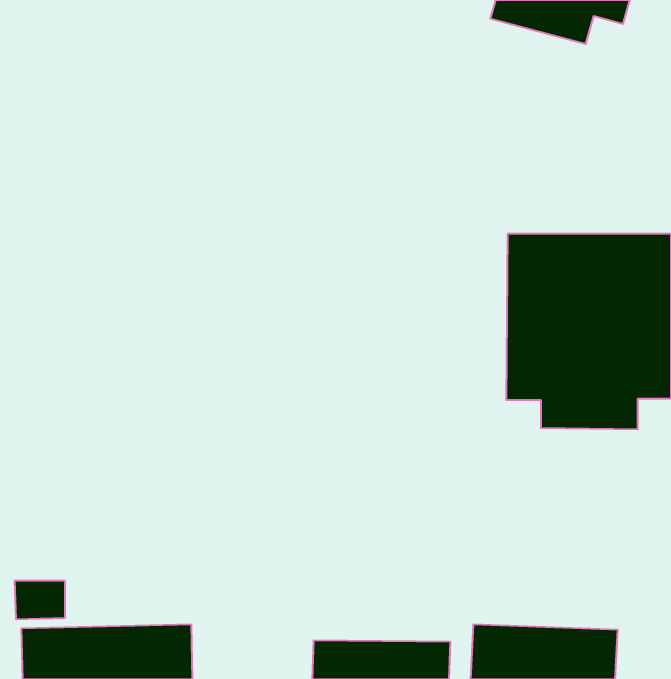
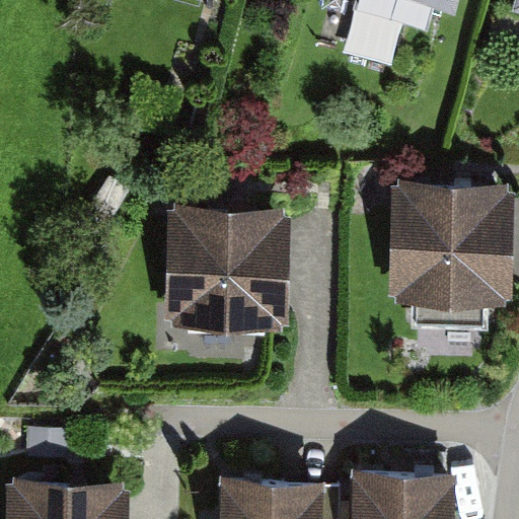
building: none -> [161,204,290,356]

